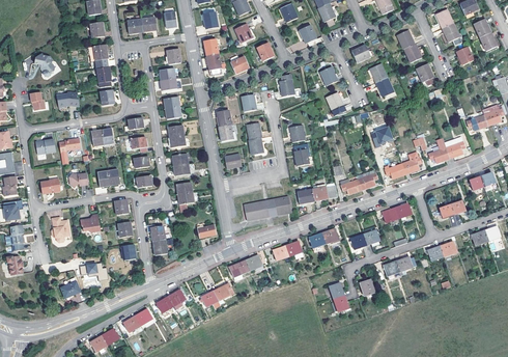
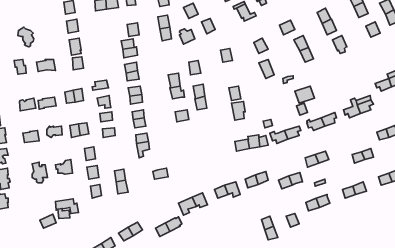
building: [245,196,291,220] -> none

